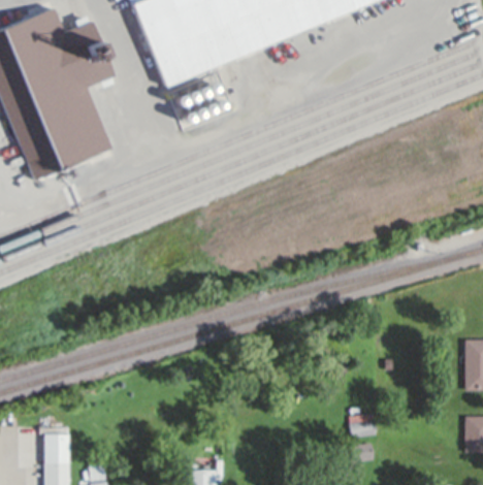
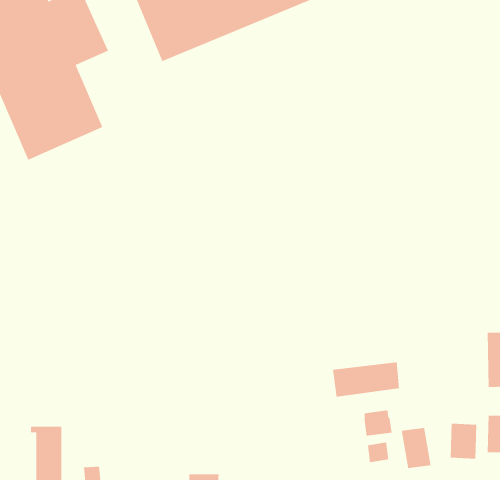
building: none -> [332,361,399,397]
building: none -> [450,423,477,460]
building: none -> [401,427,431,469]

